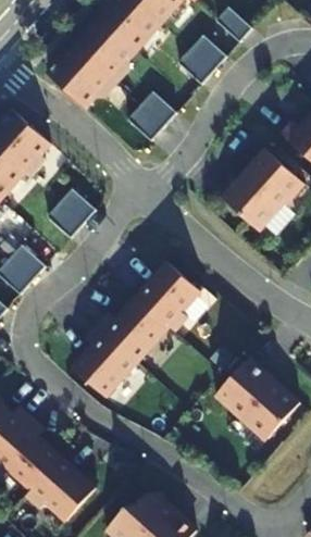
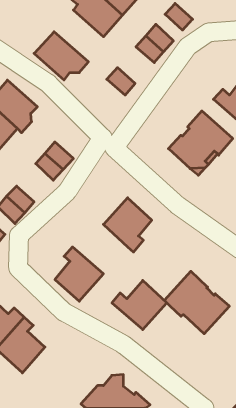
building: [73,17,137,85] -> none
building: [97,297,169,361] -> [112,280,167,330]
building: [26,457,96,521] -> none

